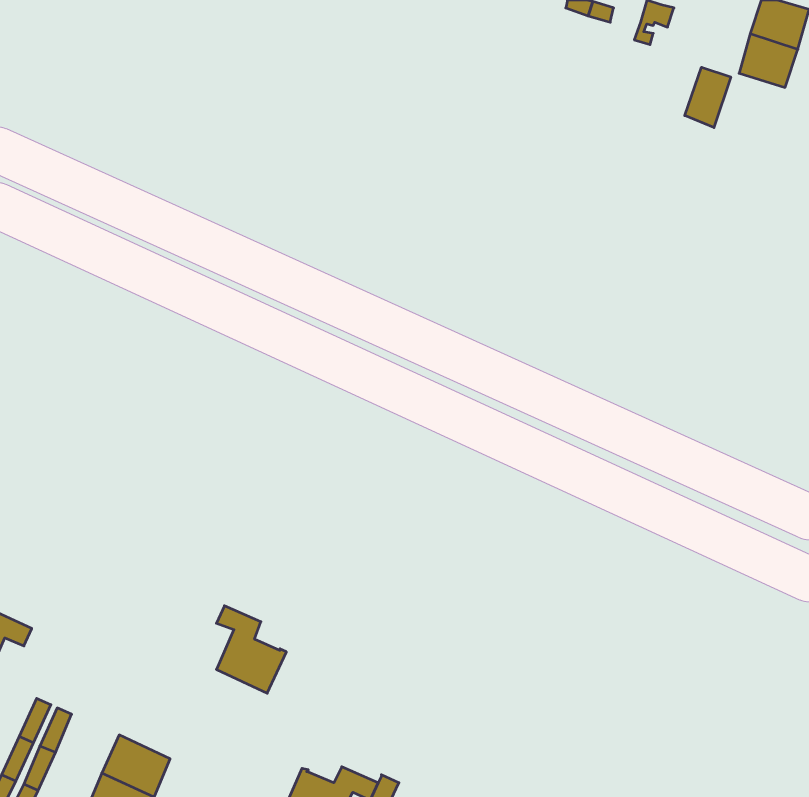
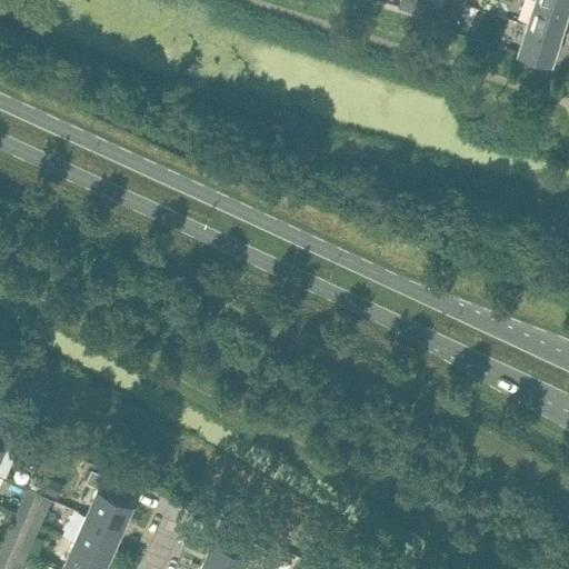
building: [685,67,731,128] -> none
building: [216,606,286,693] -> [83,480,132,541]

